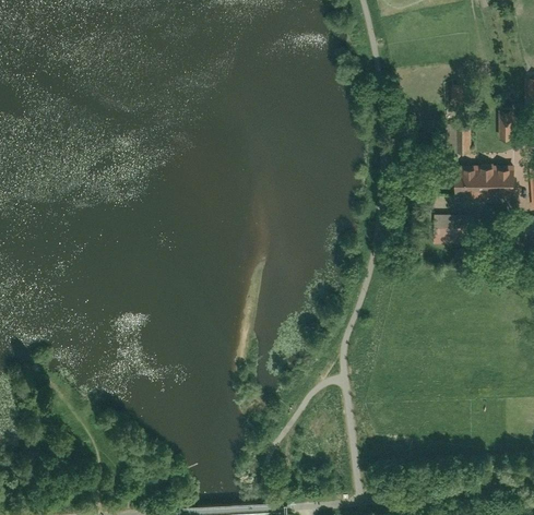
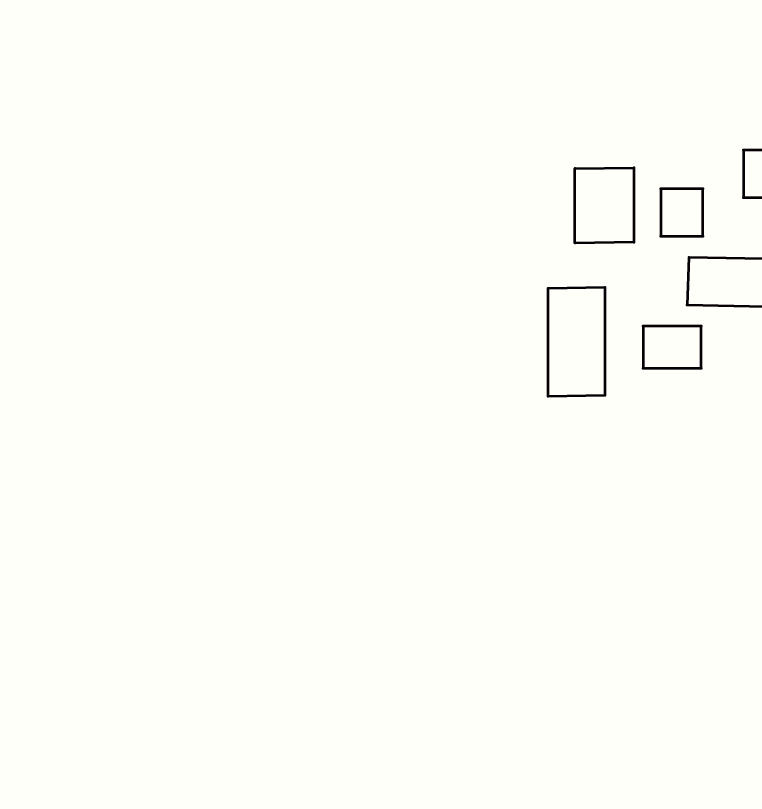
building: none -> [575,168,634,243]
building: none -> [548,287,605,396]

